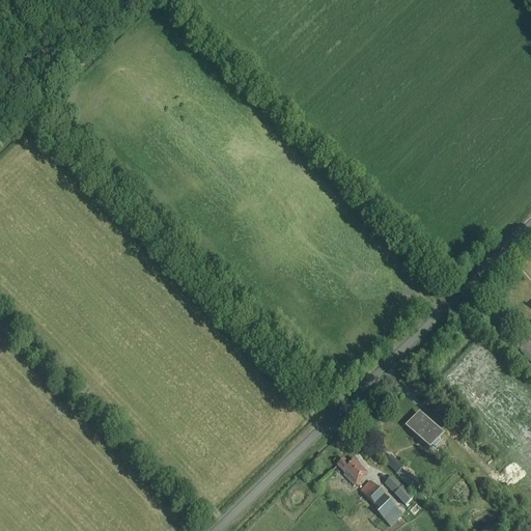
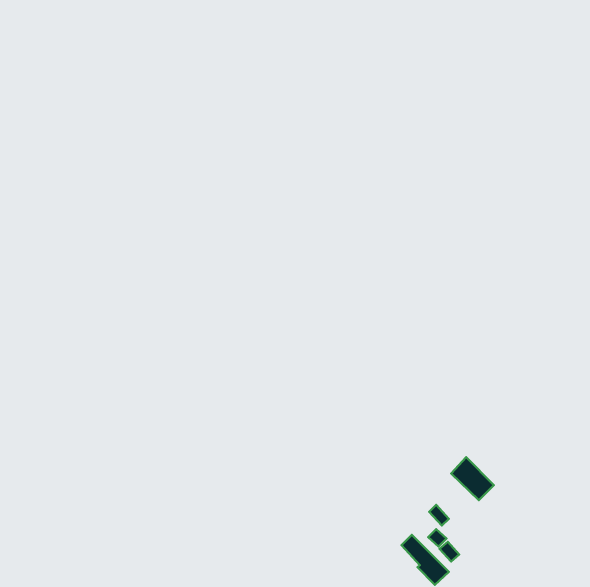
building: [337,455,367,483] -> none

